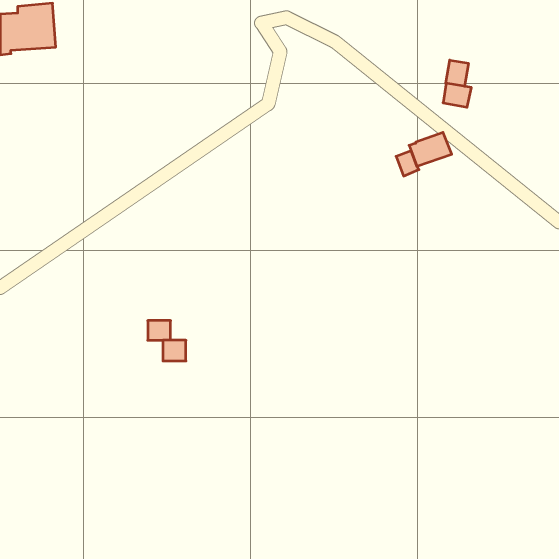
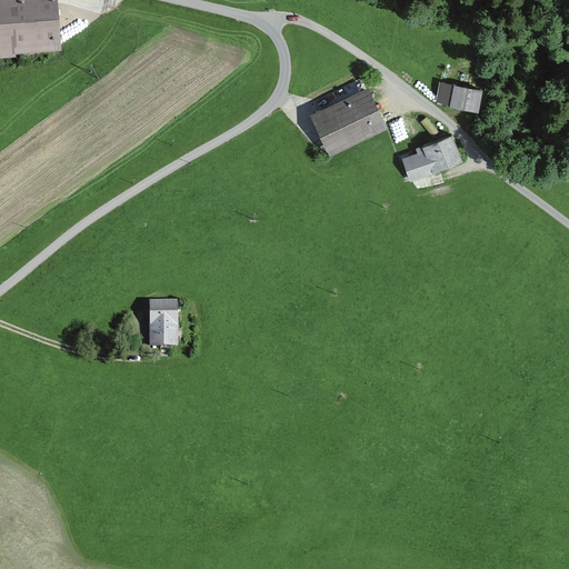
building: [446,60,468,86] -> none
building: none -> [313,91,381,149]
building: [163,340,186,361] -> [150,305,173,326]

